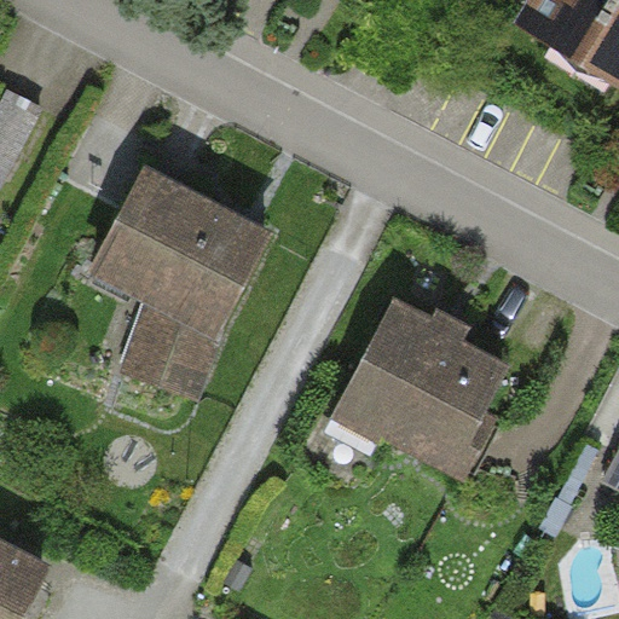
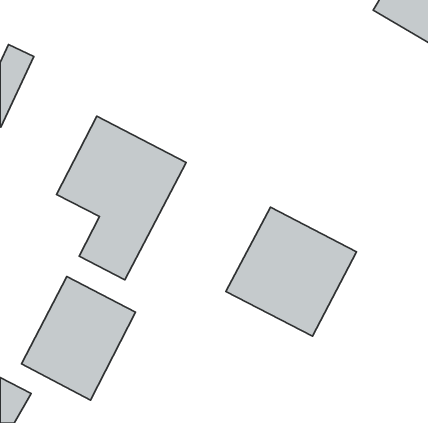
building: none -> [22,277,135,400]

